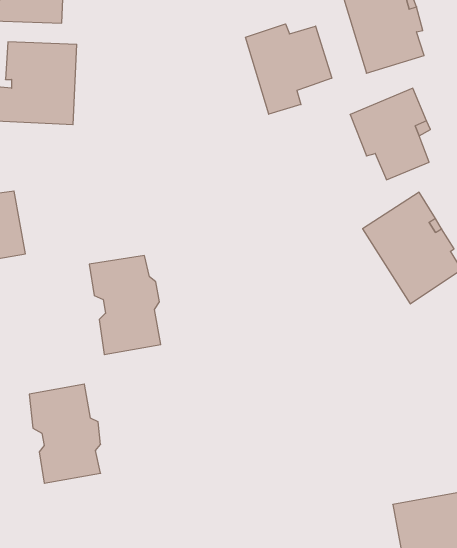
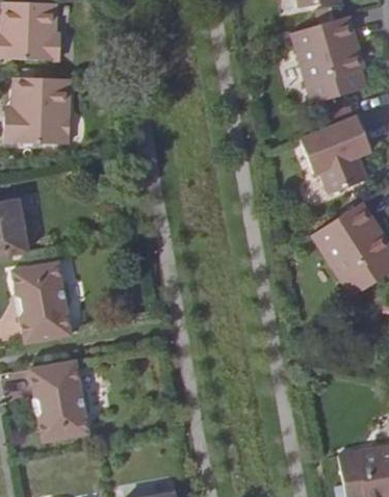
building: [245,24,332,114] -> none
building: [89,256,161,355] -> [14,262,73,344]

